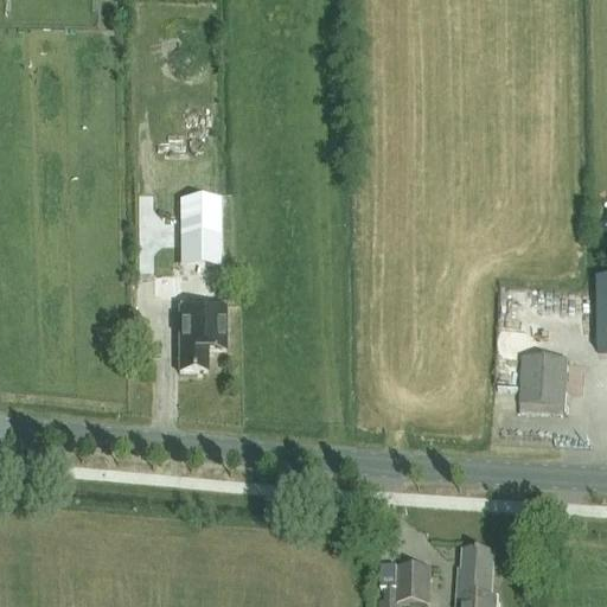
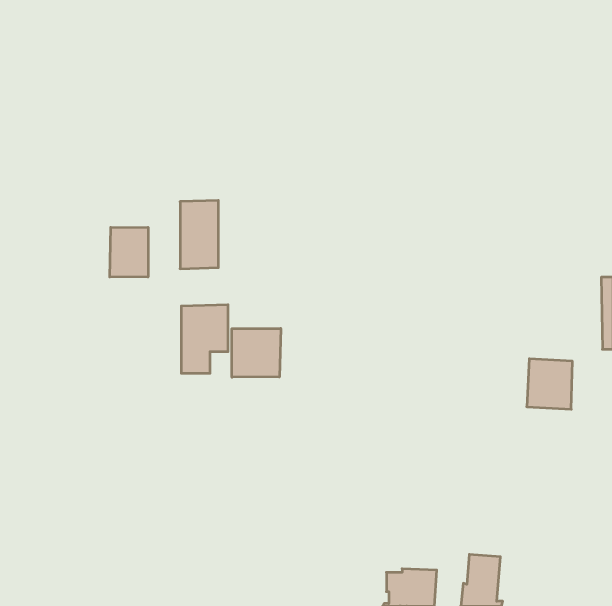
building: none -> [110,227,148,277]
building: none -> [232,328,281,377]

